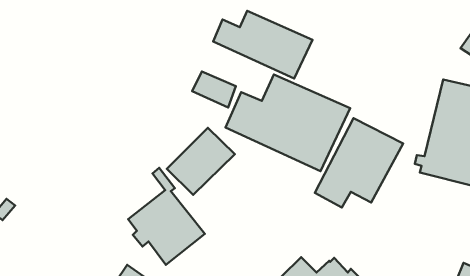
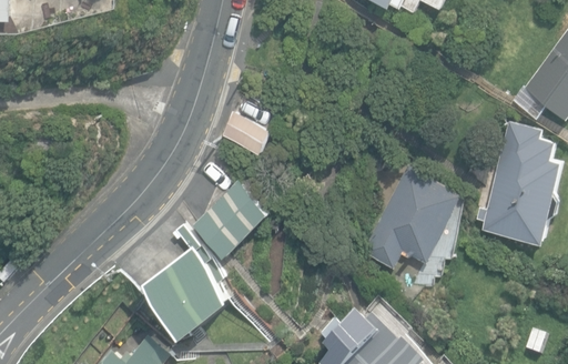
building: [213,11,313,79] -> none
building: [226,75,350,171] -> none

